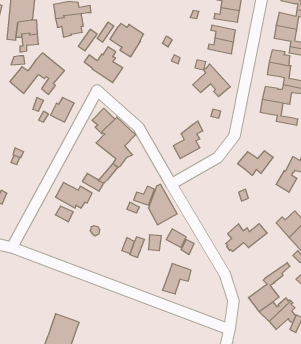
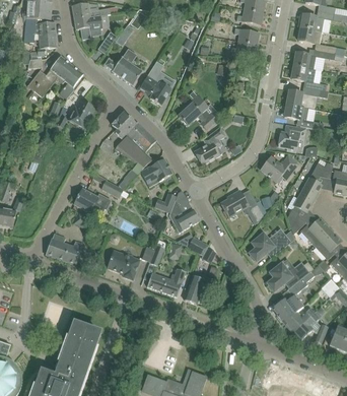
building: [110,23,144,57] -> [140,69,175,104]
building: [193,64,230,97] -> [180,94,218,128]
building: none -> [279,125,305,150]
building: none -> [141,157,172,186]
building: none -> [221,189,264,221]
building: none -> [287,190,314,234]
building: none -> [46,233,81,264]
building: none -> [108,250,139,278]
building: none -> [267,261,309,289]
building: none -> [147,268,186,295]

